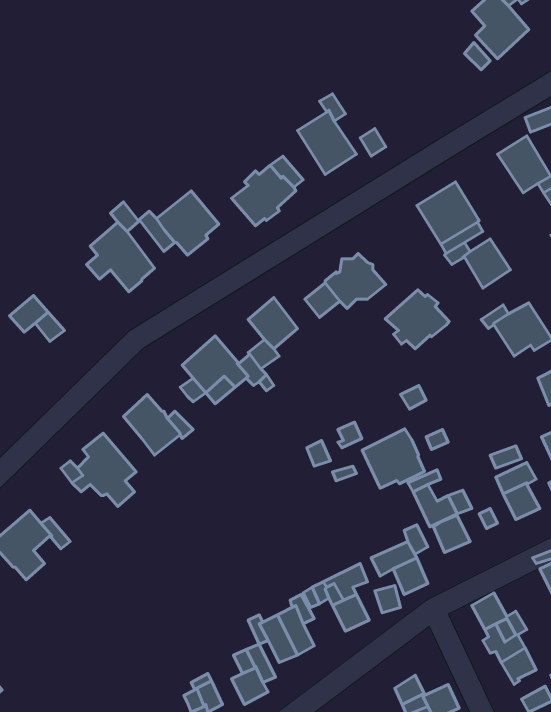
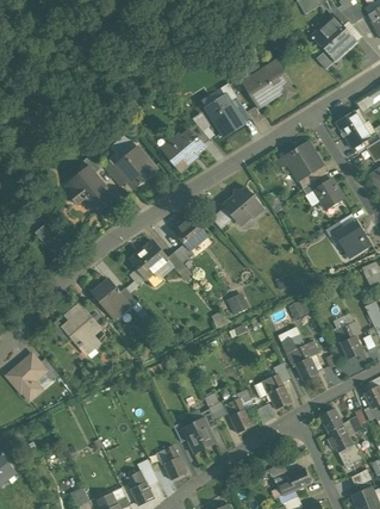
building: none -> [245,61,295,105]
building: [385,290,449,349] -> none
building: [362,429,425,488] -> none

